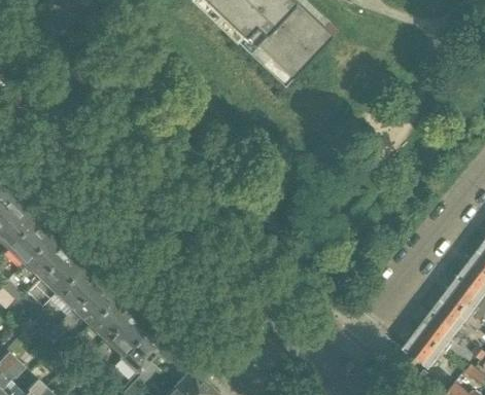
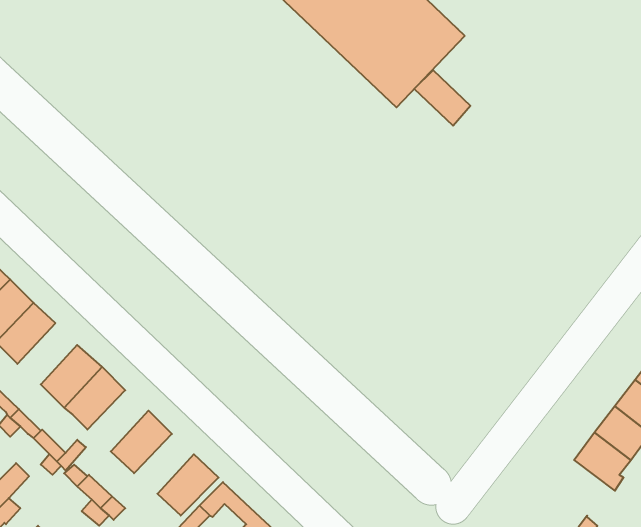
building: none -> [414,70,470,126]
building: [21,235,63,278] -> none
building: [70,282,113,325] -> none
building: [104,313,145,355] -> none
building: [402,331,443,367] -> none

